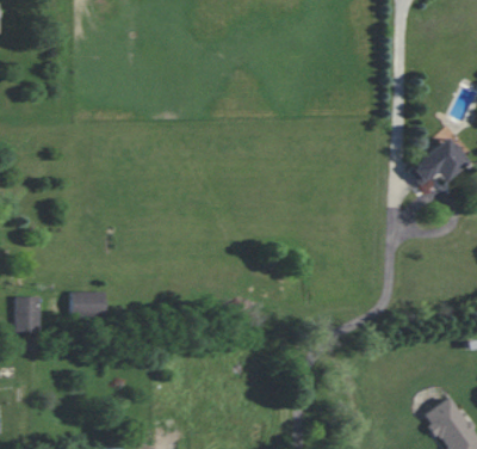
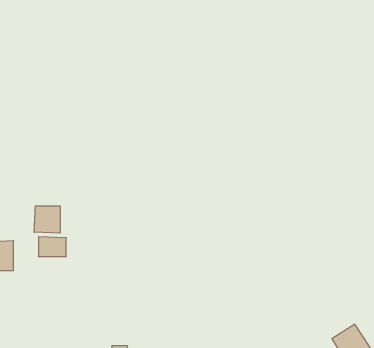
building: [407,136,466,185] -> none
building: none -> [34,206,60,233]

